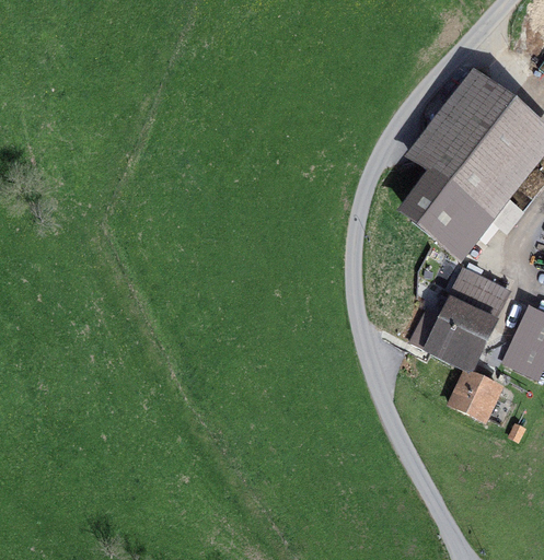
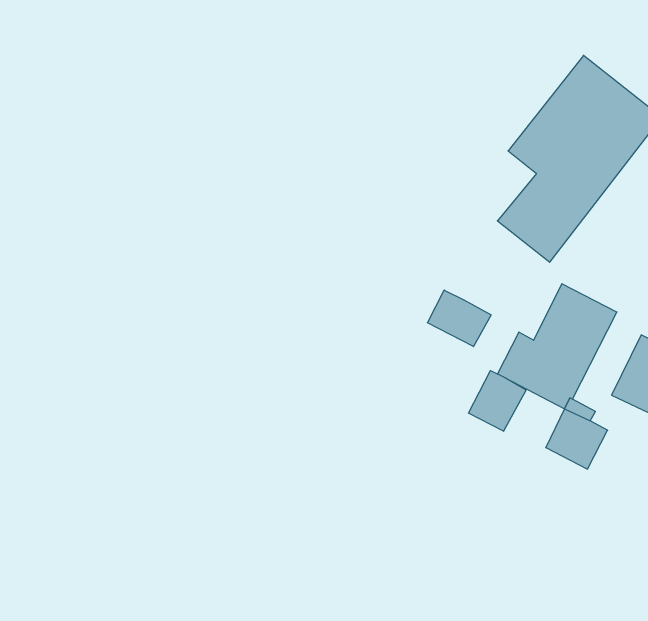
building: none -> [427,290,491,347]
building: none -> [468,371,526,431]

